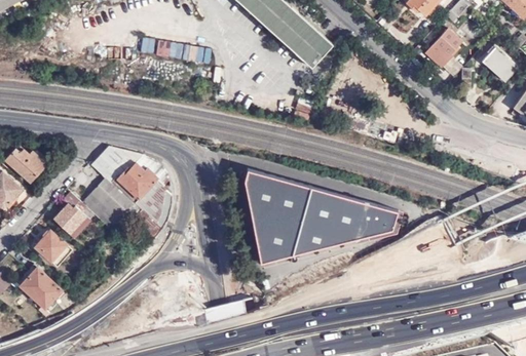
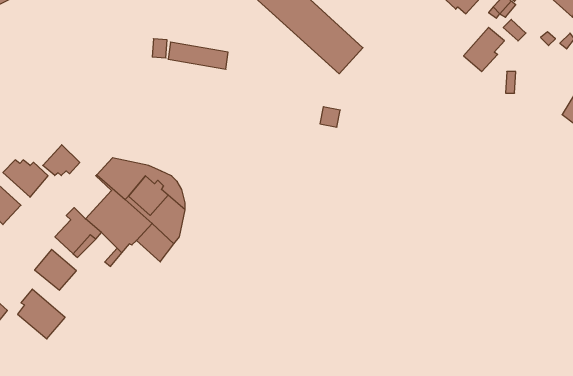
building: [484,46,516,78] -> none
building: none -> [43,145,80,176]
building: [247,168,403,262] -> none

